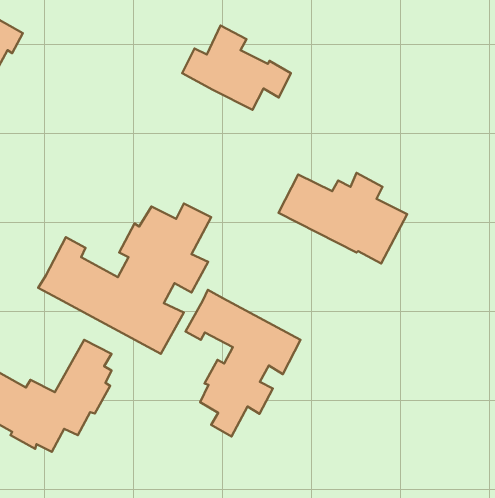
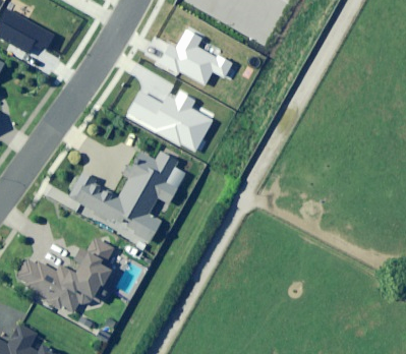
building: [278,173,407,263] -> [127,92,213,152]
building: [186,290,301,437] -> none

